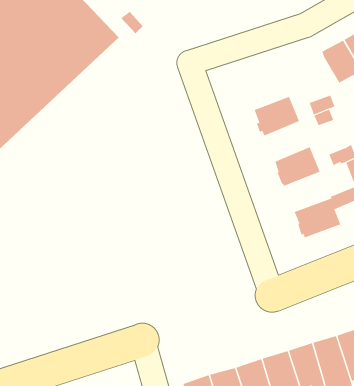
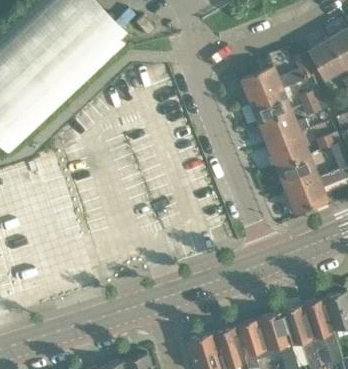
building: none -> [241,52,313,101]
building: none -> [259,111,308,146]
building: none -> [277,155,318,190]

